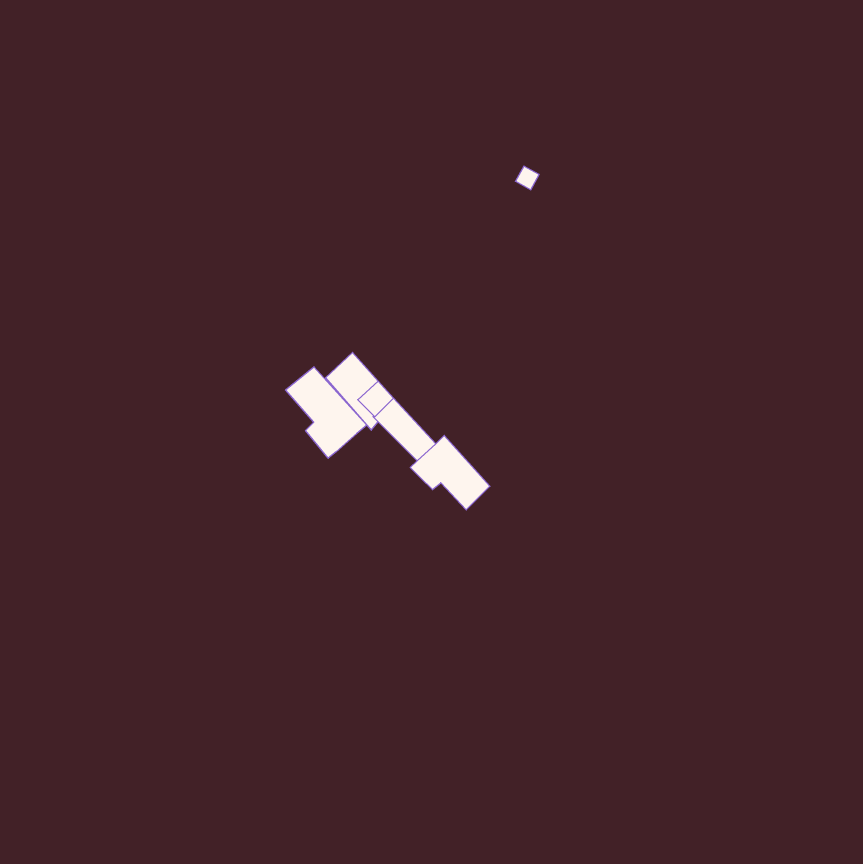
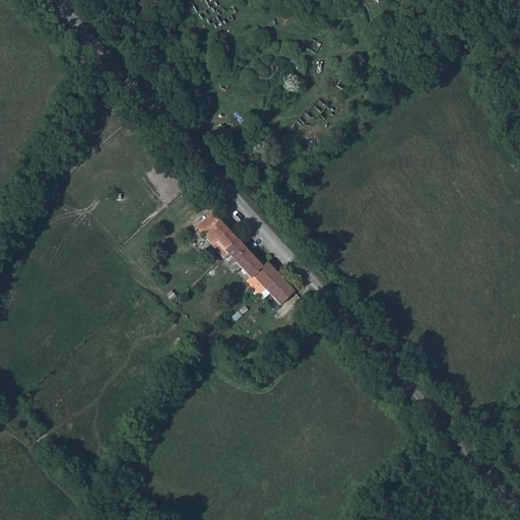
building: [286,367,367,458] -> none

